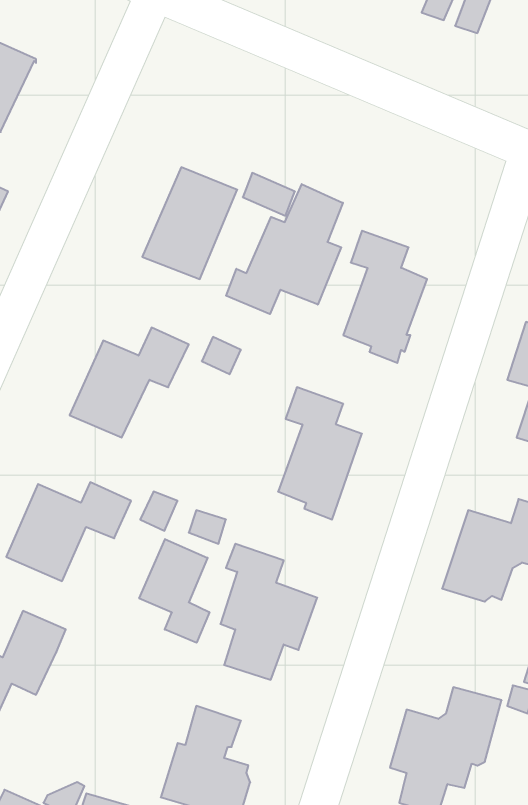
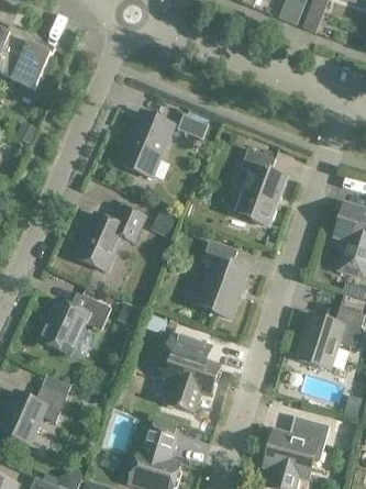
building: [226,184,343,314] -> none
building: [139,539,209,643] -> none

